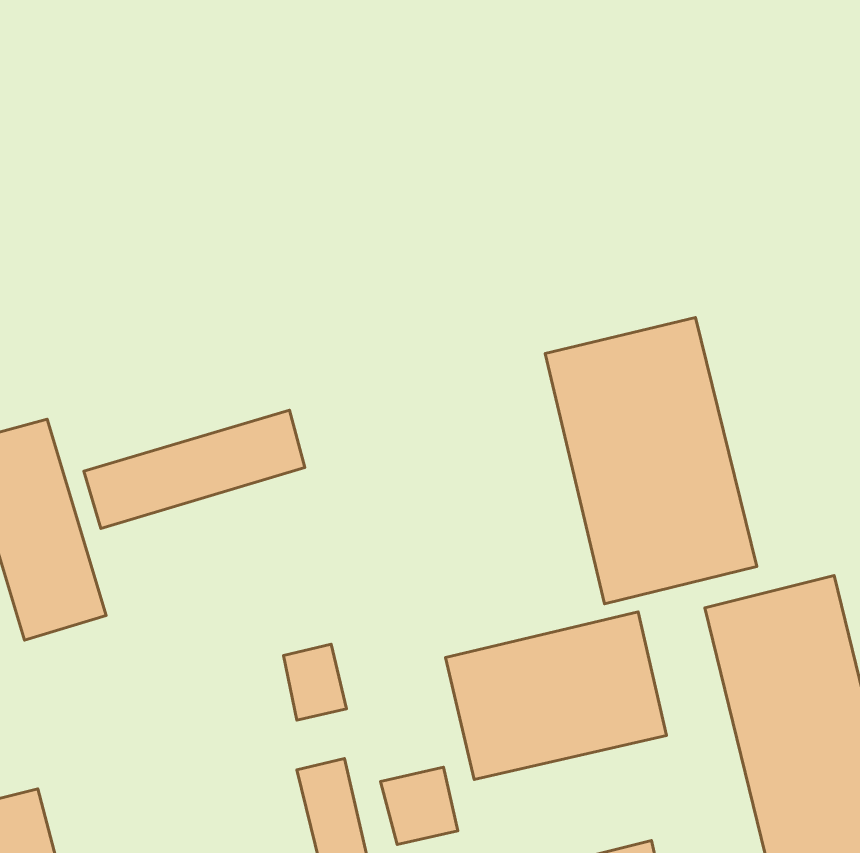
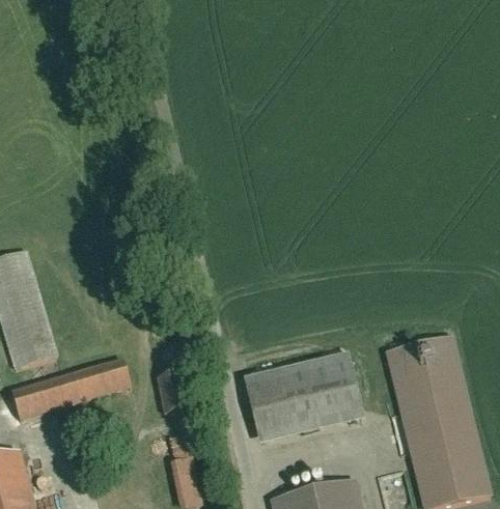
building: [545,317,757,604] -> none
building: [84,410,305,528] -> [9,356,130,420]
building: [380,767,458,845] -> none

